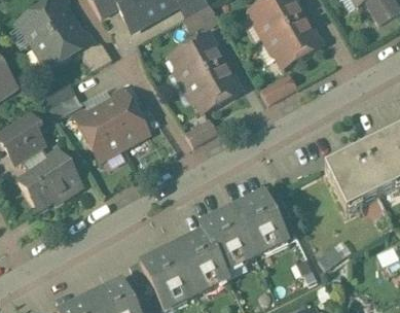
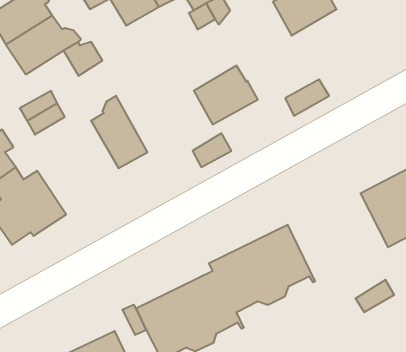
building: [266,15,320,64] -> none
building: [171,34,221,82] -> none
building: [72,107,124,161] -> none

